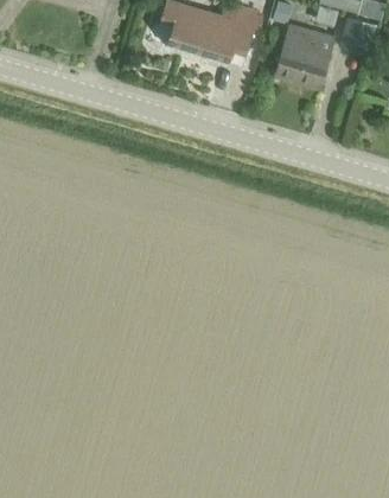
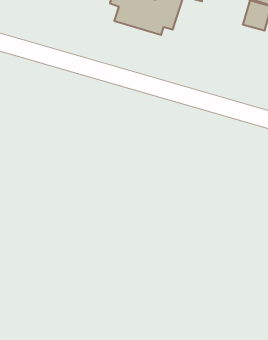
building: [276,23,334,87] -> none

